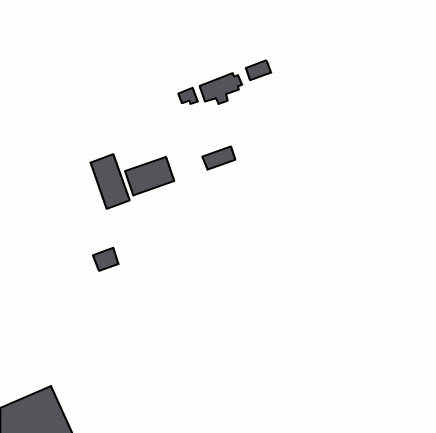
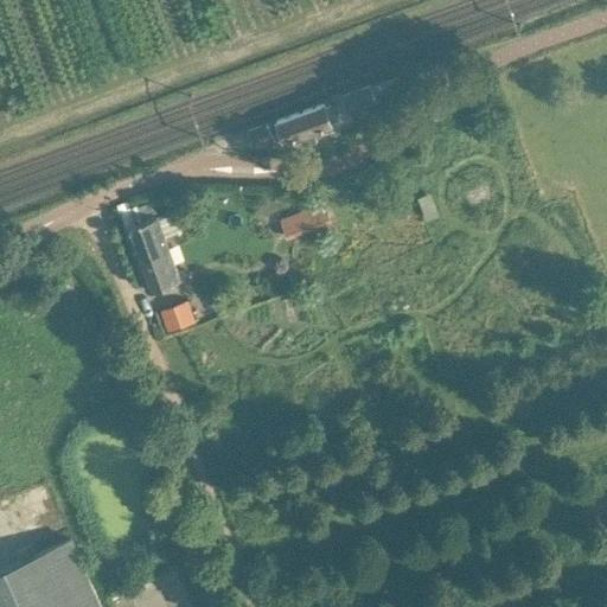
building: [125,157,174,196] -> none
building: [93,248,119,271] -> [160,301,196,333]

